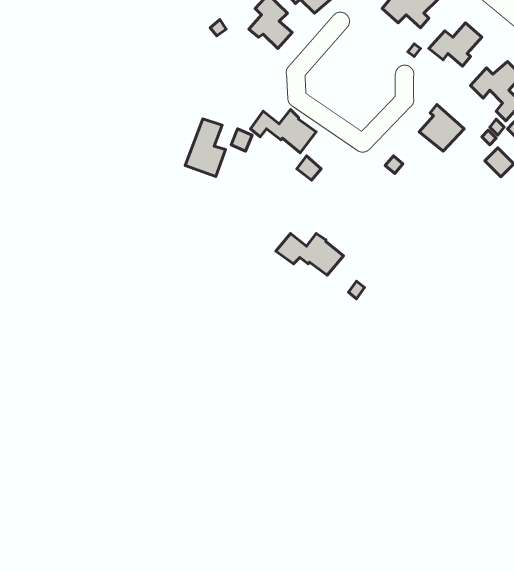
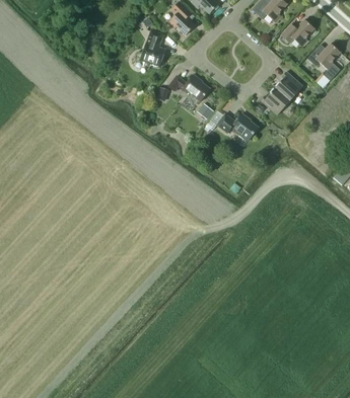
building: [185,119,225,177] -> [140,29,165,66]
building: none -> [261,87,290,114]
building: [276,233,343,275] -> [216,112,259,139]

